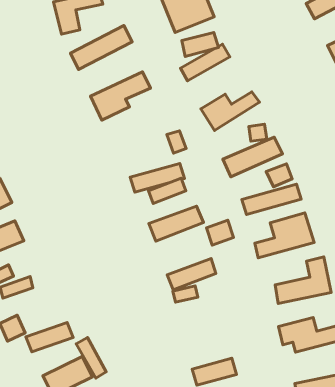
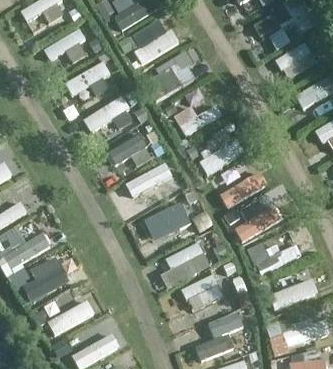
building: none -> [112,133,155,162]
building: none -> [182,277,223,311]

